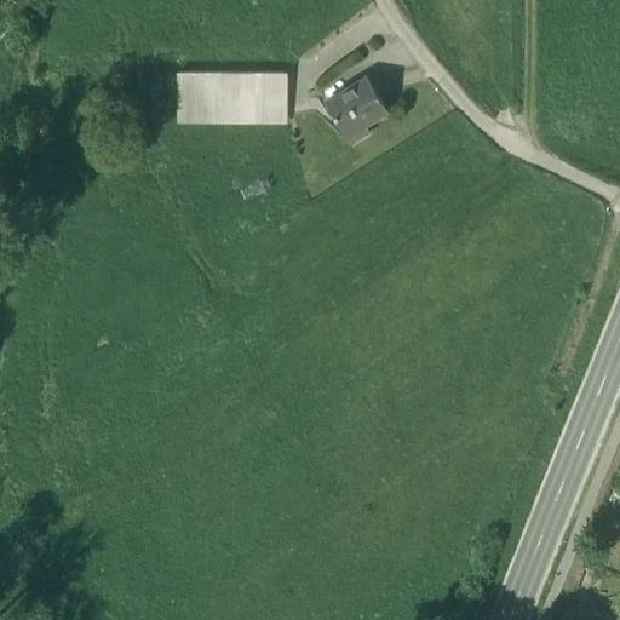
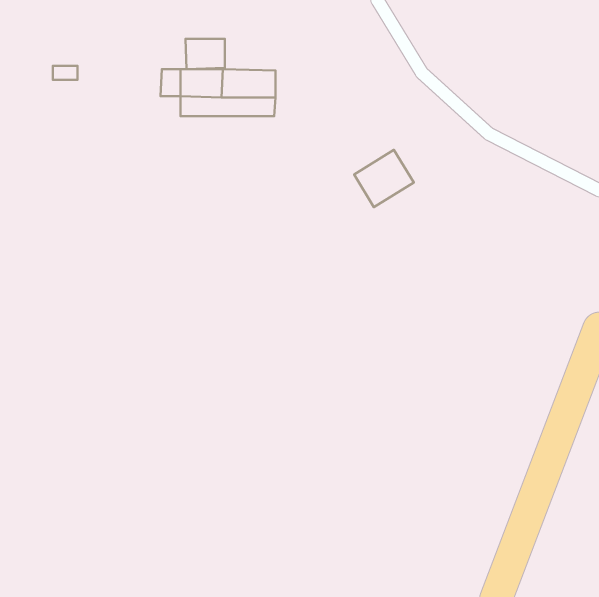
building: none -> [185,39,225,69]
building: [327,79,389,138] -> [354,150,414,207]

